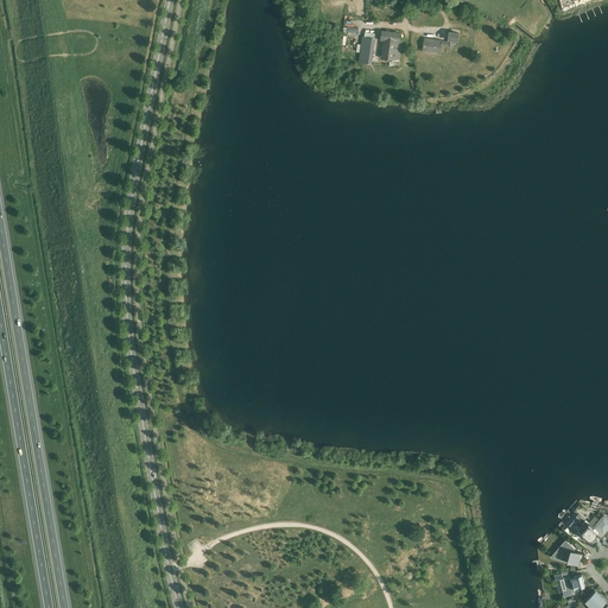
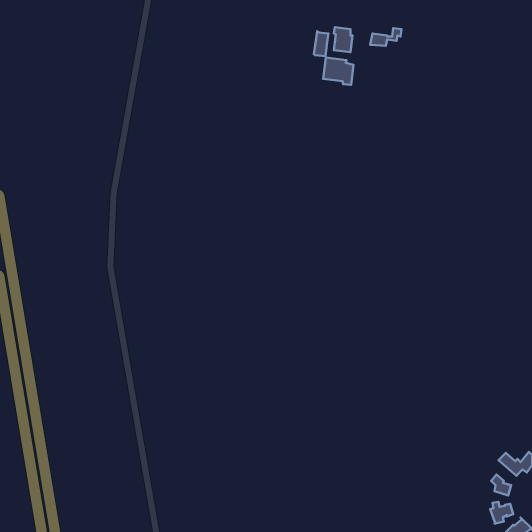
building: none -> [323,58,353,85]

